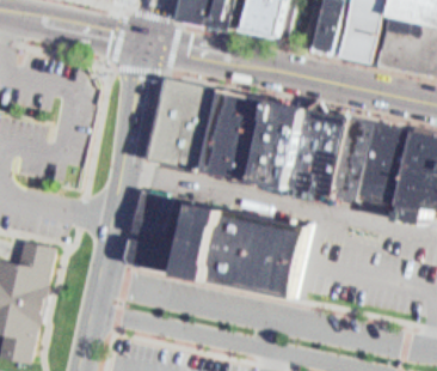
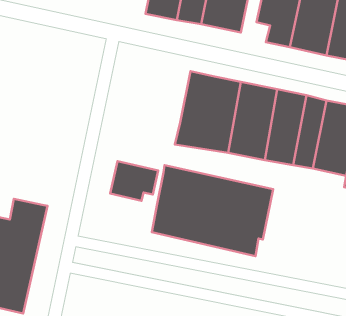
building: [144,77,227,178] -> none
building: [129,229,189,273] -> none

